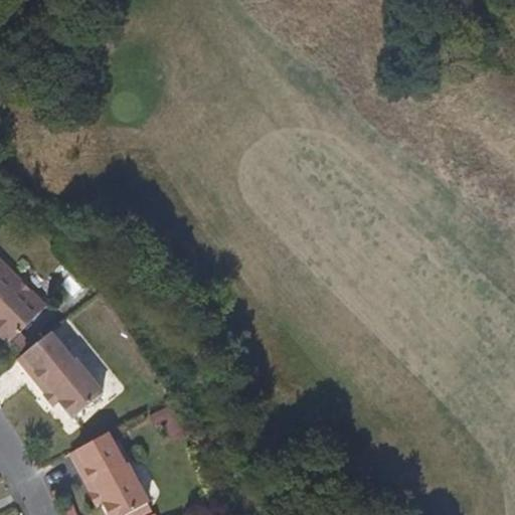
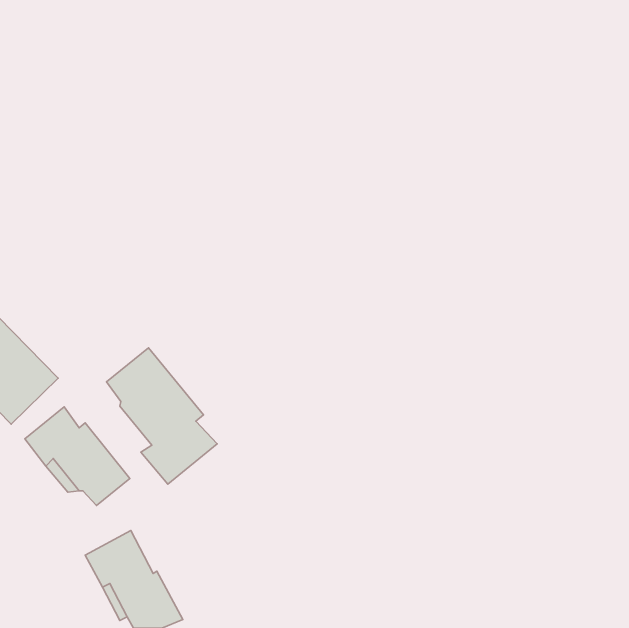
building: none -> [107,348,217,484]

